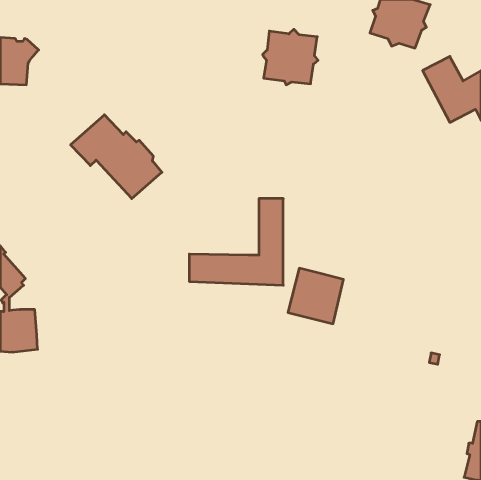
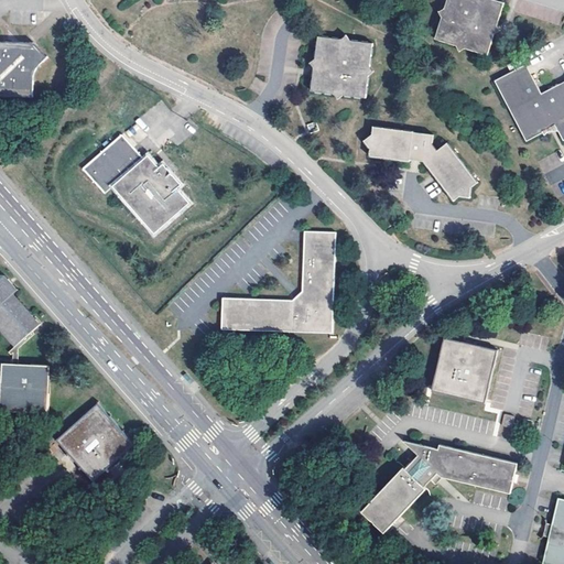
building: none -> [362,127,476,200]
building: [288,268,343,324] -> [432,336,497,401]
building: none -> [59,411,132,484]
building: none -> [359,441,519,524]

